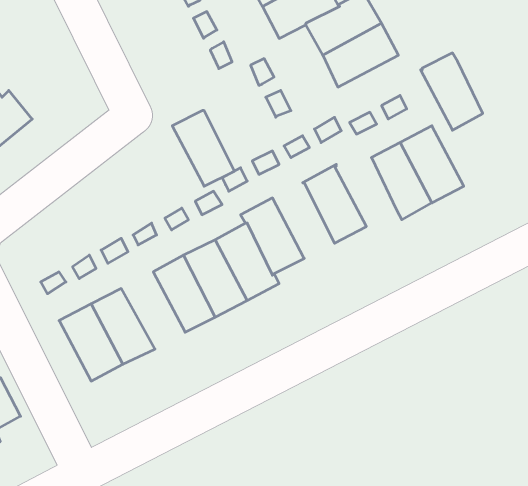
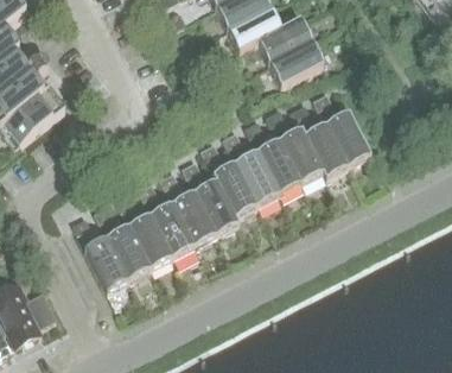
building: [421,53,483,130] -> [276,126,320,181]
building: [172,111,234,186] -> [233,150,276,203]
building: none -> [126,213,171,267]

